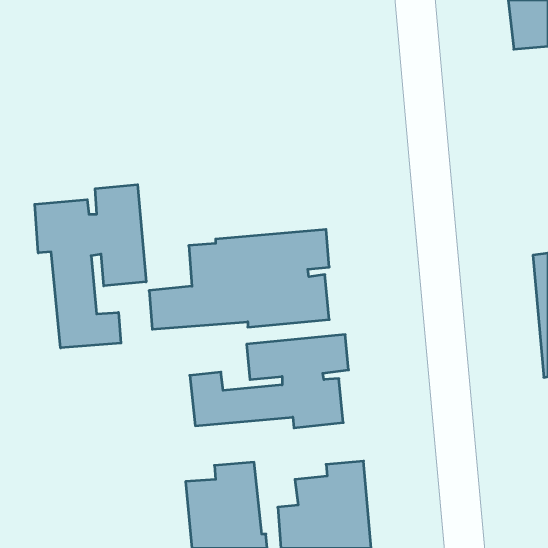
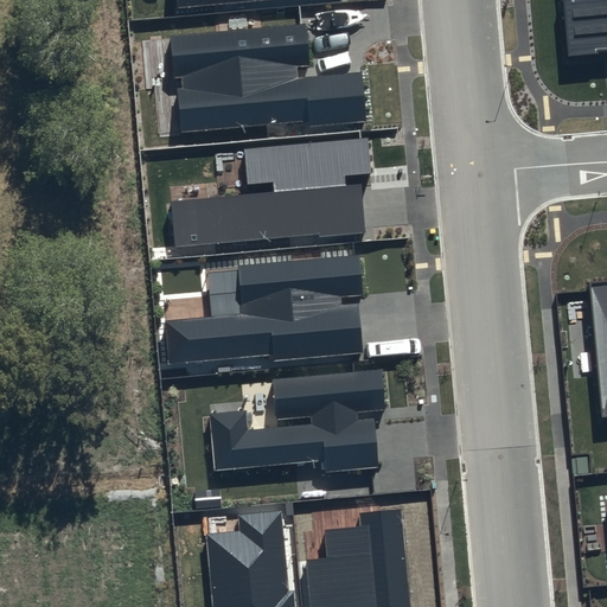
building: none -> [171,24,365,132]
building: none -> [171,138,371,247]
building: [35,185,146,348] -> none

